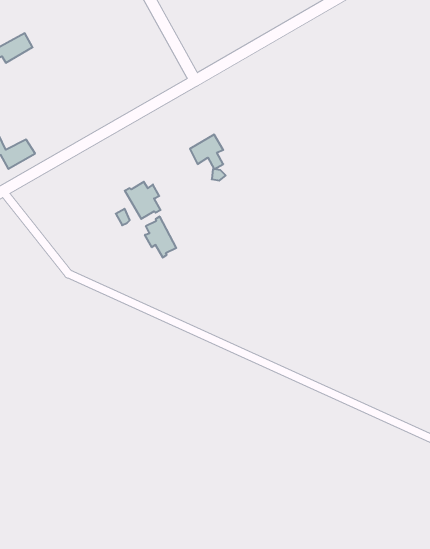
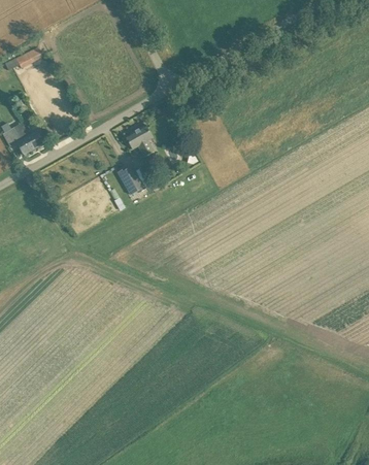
building: [190,135,223,169] -> [126,125,153,153]
building: [145,216,176,258] -> none

